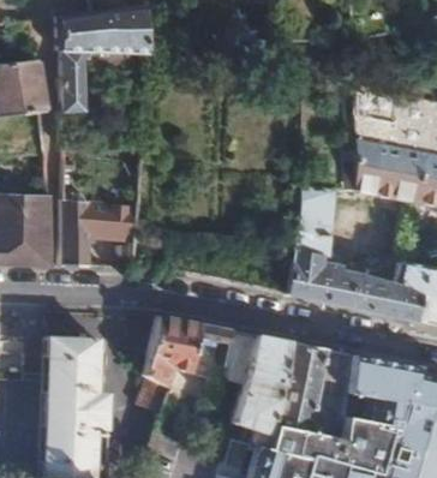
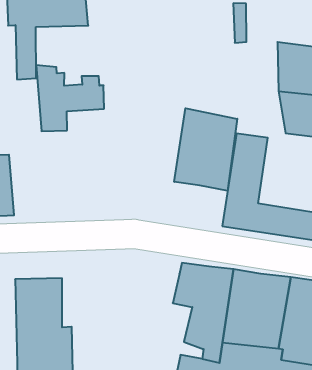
building: none -> [174,108,237,191]
building: [62,190,137,265] -> [36,65,104,131]
building: [148,316,235,398] -> none

